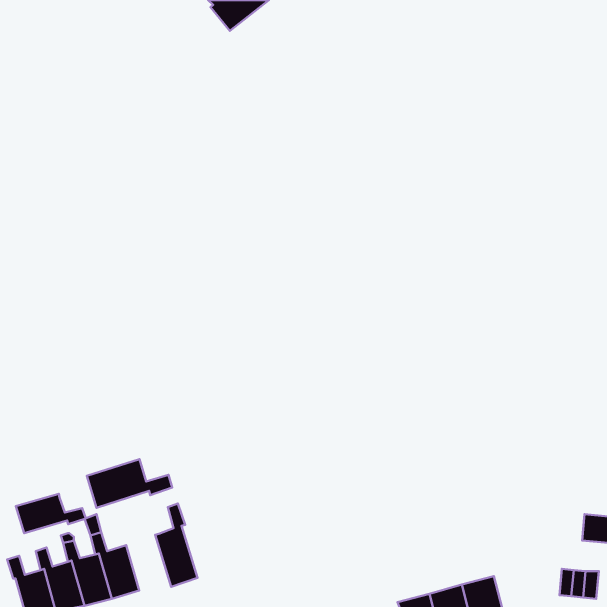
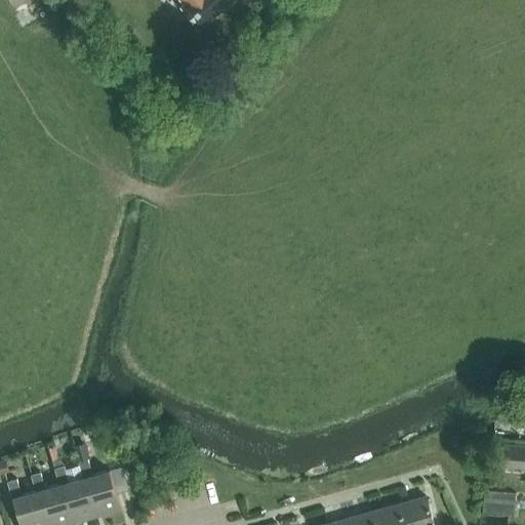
building: [87,459,172,508] -> none
building: [16,494,86,533] -> none
building: [155,503,198,587] -> none

